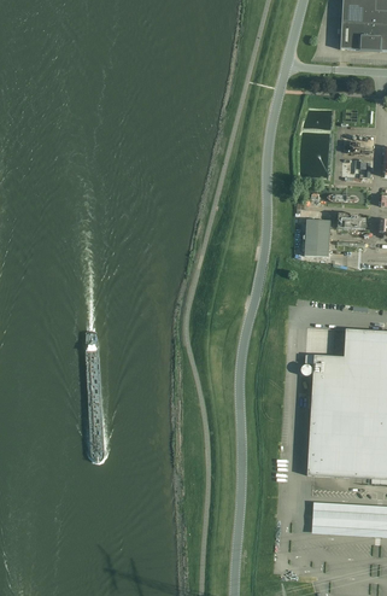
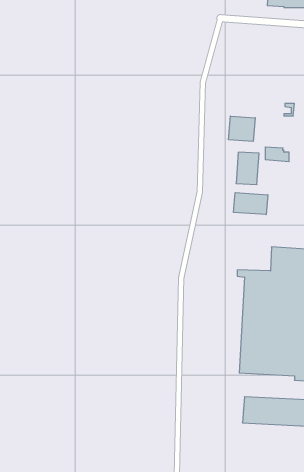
building: none -> [229,116,255,141]
building: none -> [234,193,268,215]

